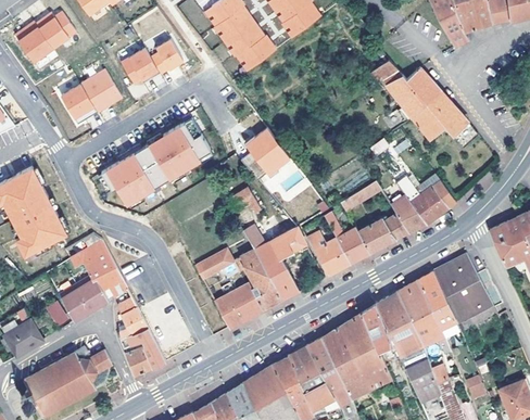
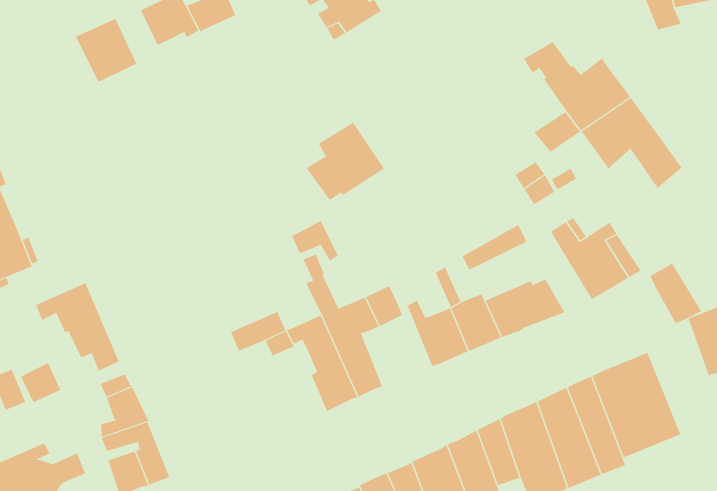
building: [61,84,98,124] -> none
building: [103,116,215,205] -> none
building: [391,194,427,233] -> [649,263,702,324]
building: [75,263,108,311] -> none
building: [214,281,263,328] -> none

